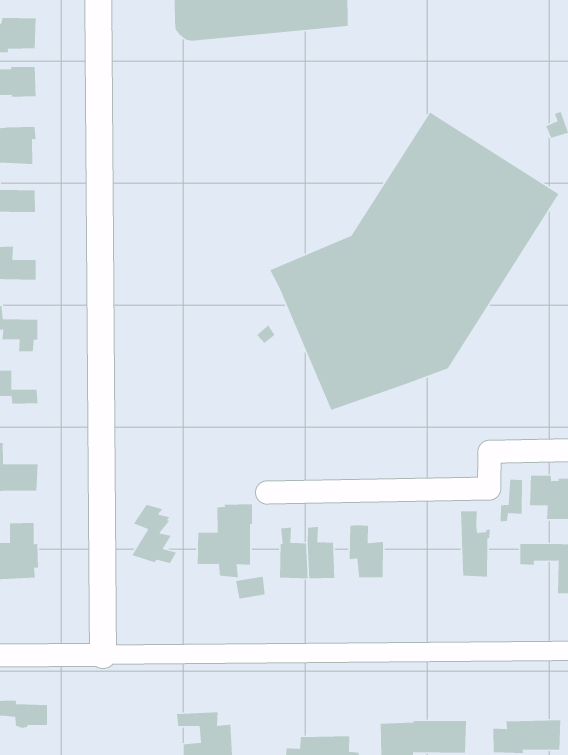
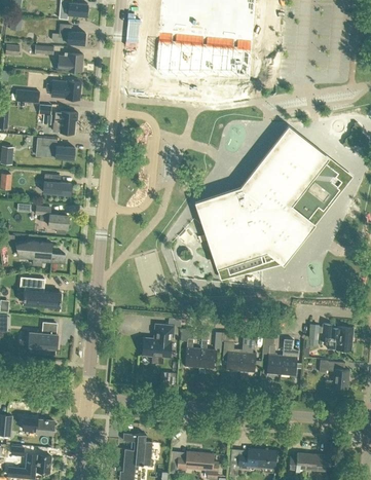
building: [131,504,177,564] -> none
building: none -> [262,337,283,374]
building: none -> [239,338,256,372]

